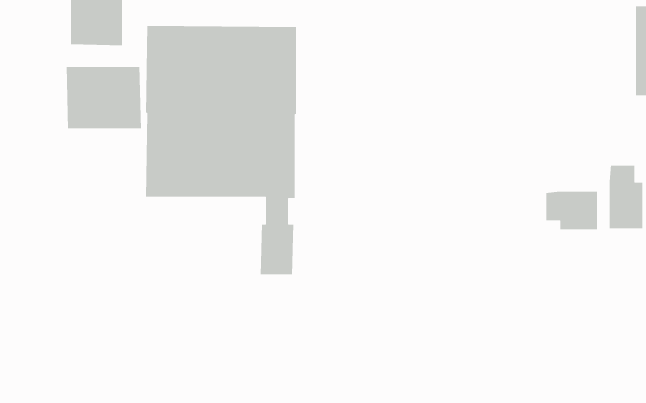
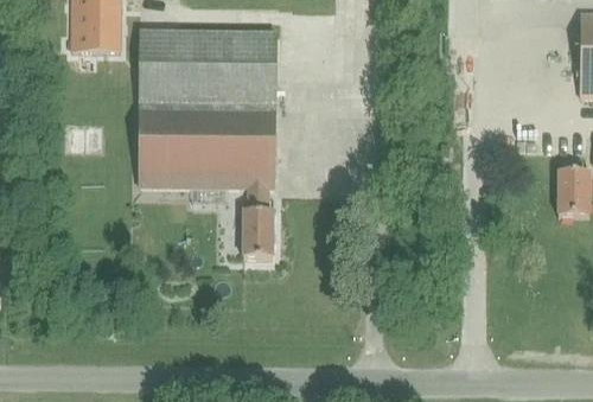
building: [66,66,142,129] -> none
building: [546,191,598,230] -> none

